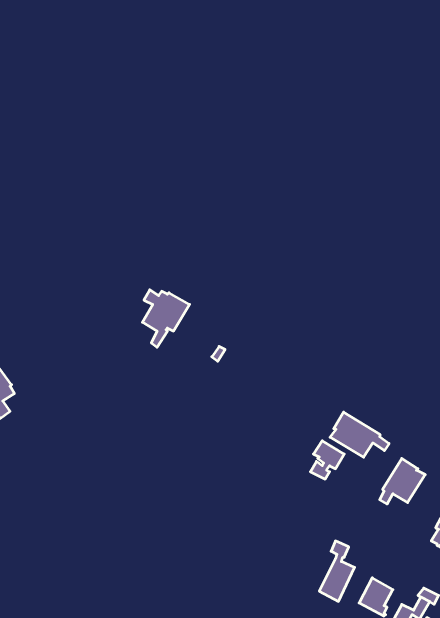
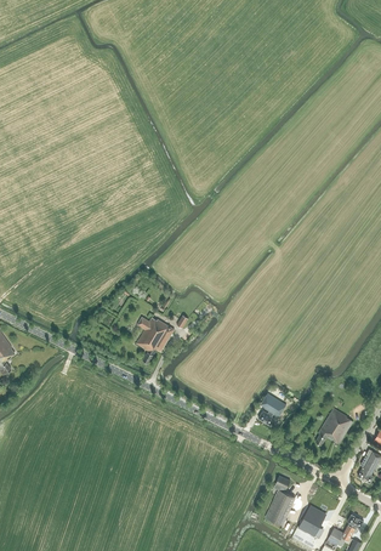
building: [142,290,190,347] -> [136,316,175,363]
building: [330,412,389,457] -> none

